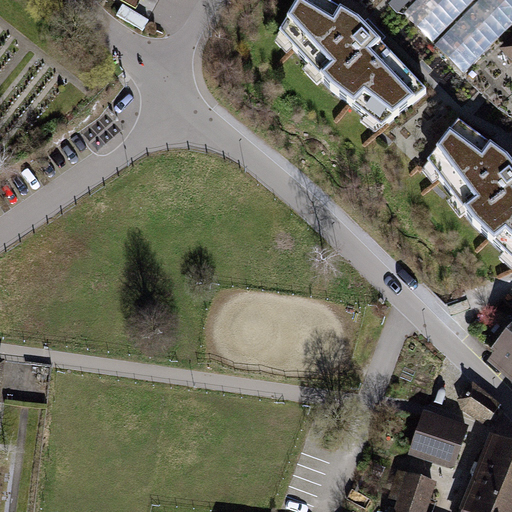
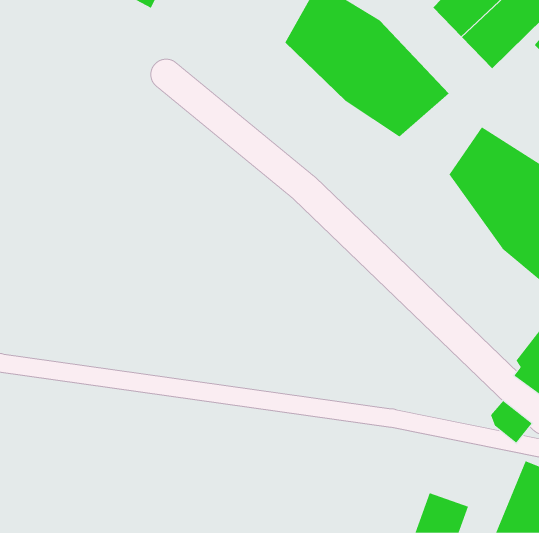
building: [419,408,470,459] -> none

